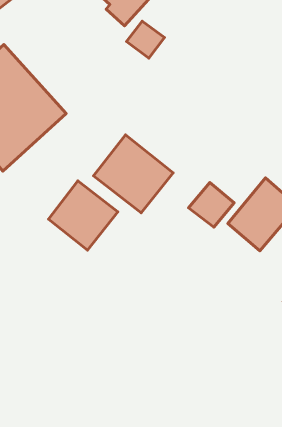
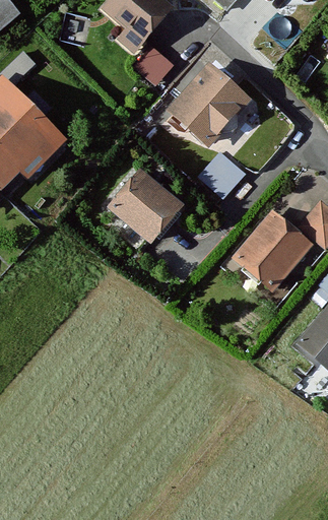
building: none -> [171,62,249,141]
building: [49,181,118,250] -> none
building: [189,183,234,227] -> [198,152,246,199]

